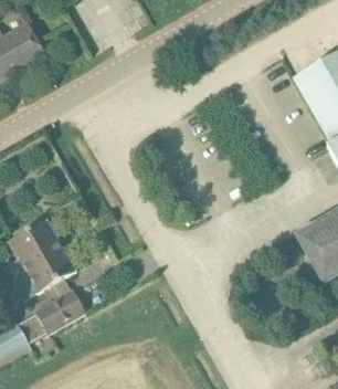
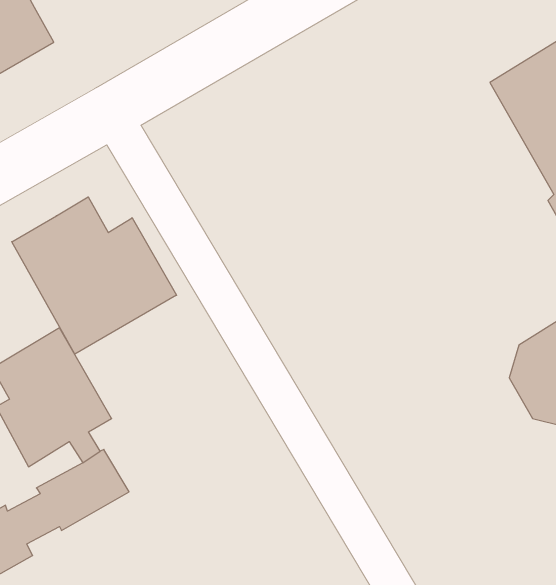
building: none -> [12,197,177,354]

